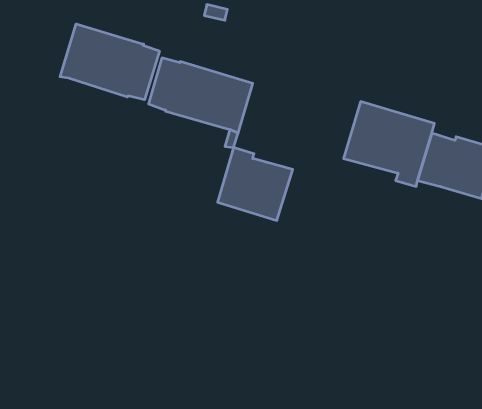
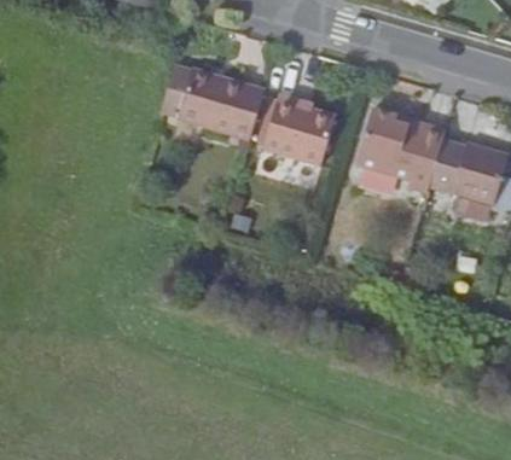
building: [60,24,159,100] -> none
building: [218,148,293,220] -> [263,93,338,165]

